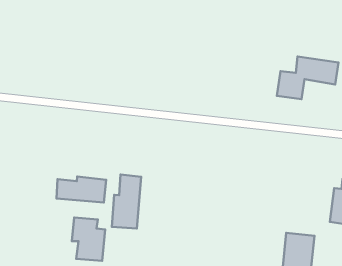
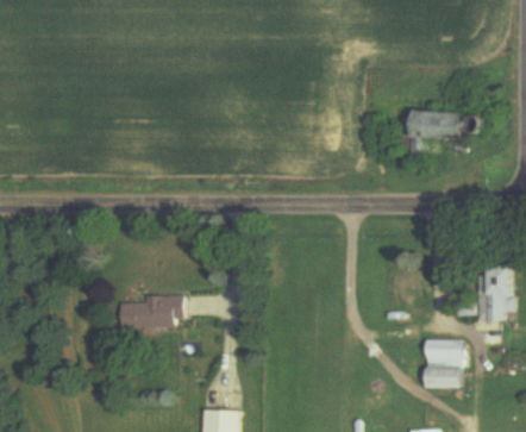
building: [112,174,141,229] -> none
building: [72,218,105,261] -> none

